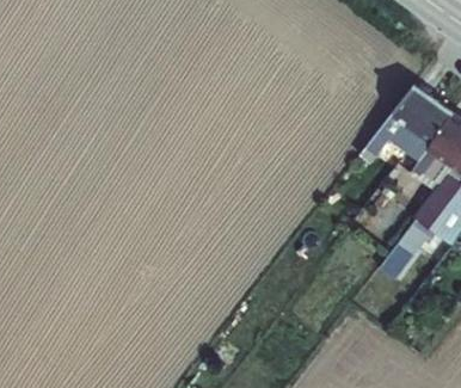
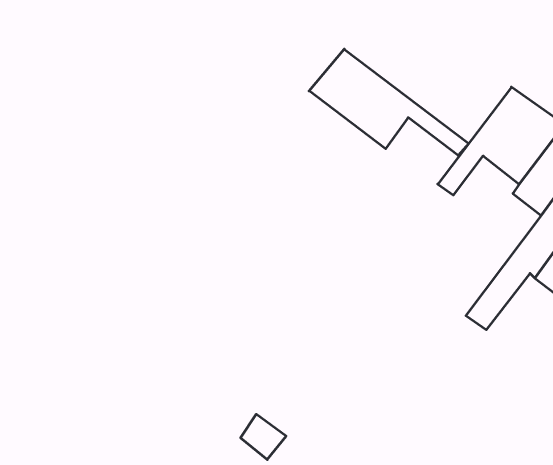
building: none -> [309,49,469,156]

